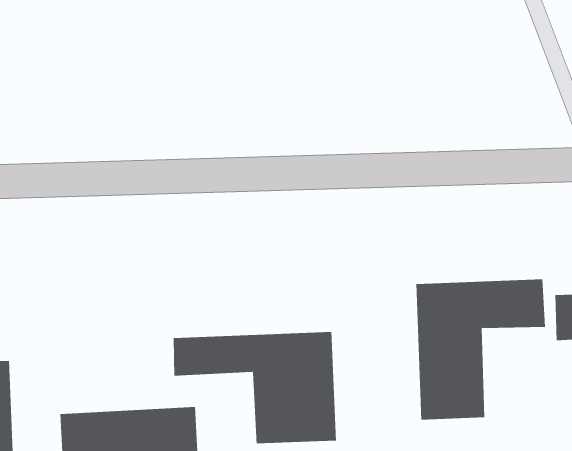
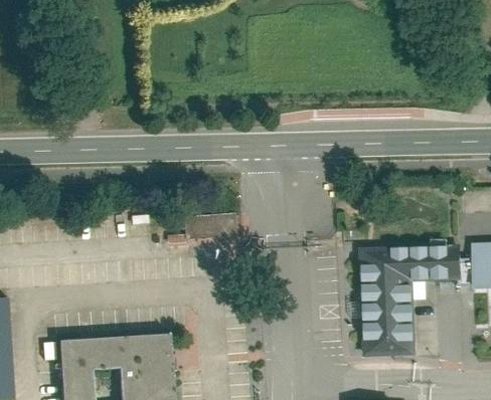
building: [173,331,336,444] -> none

